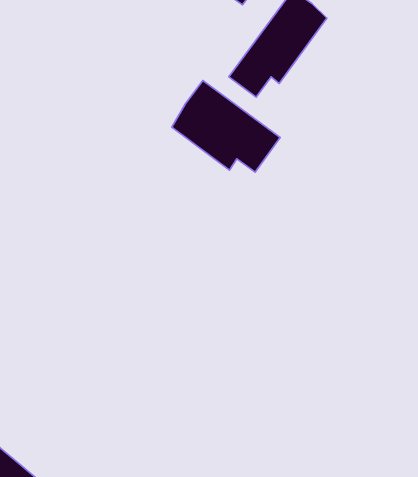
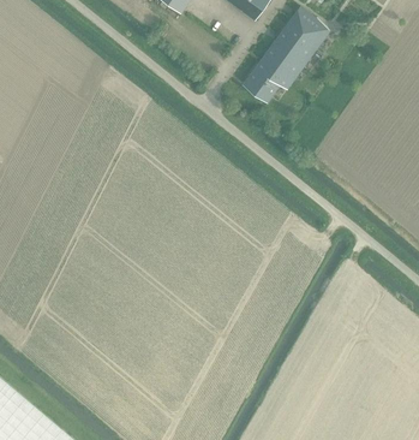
building: [172,81,280,172] -> none

